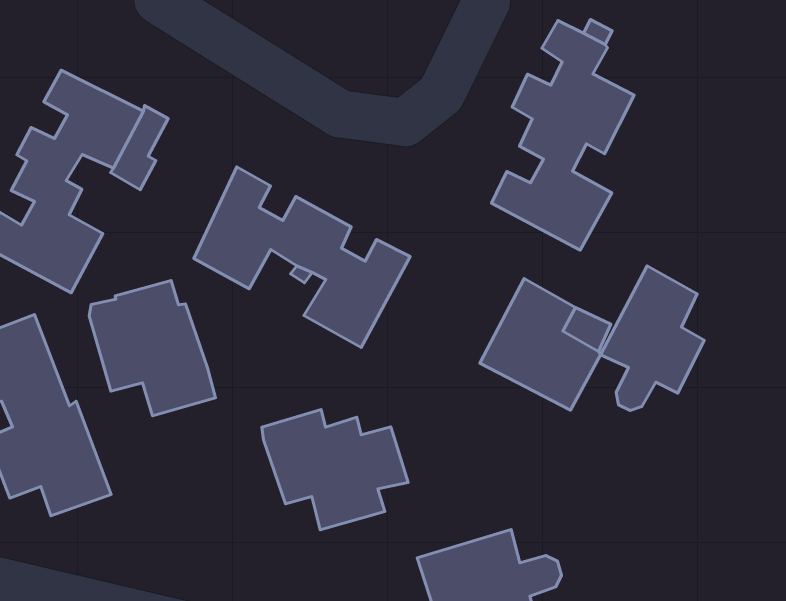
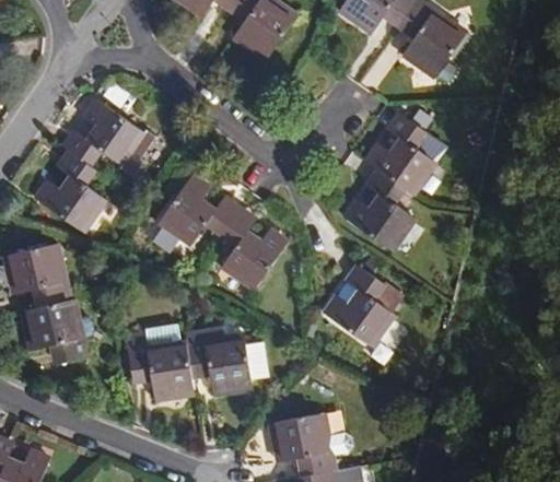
building: [601,266,704,410] -> none
building: [89,280,215,416] -> [126,322,195,402]

